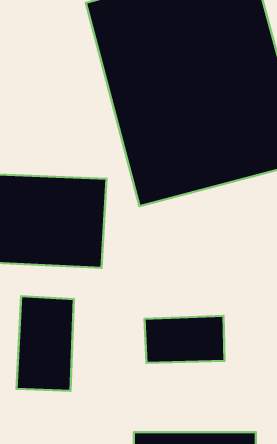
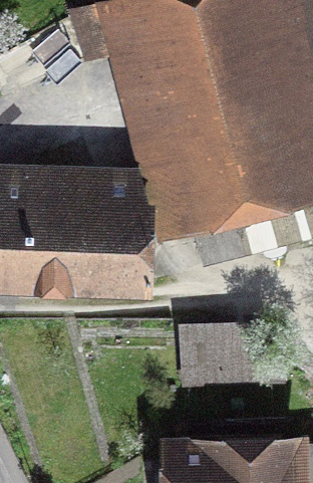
building: [17,296,74,391] -> none

